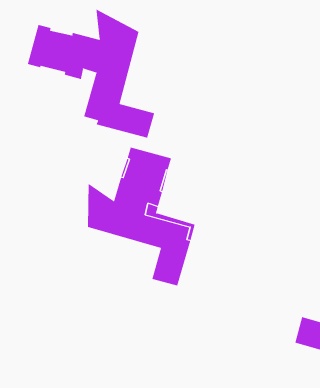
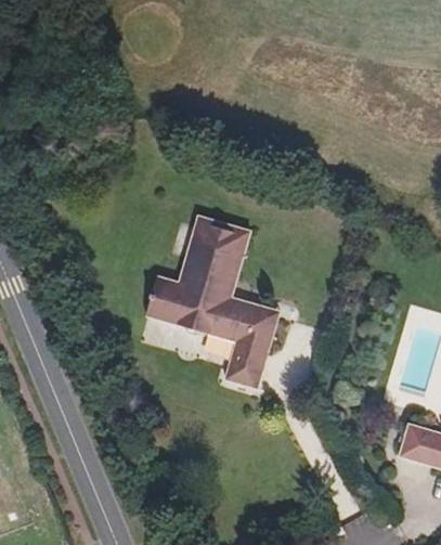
building: [27,8,155,139] -> none

